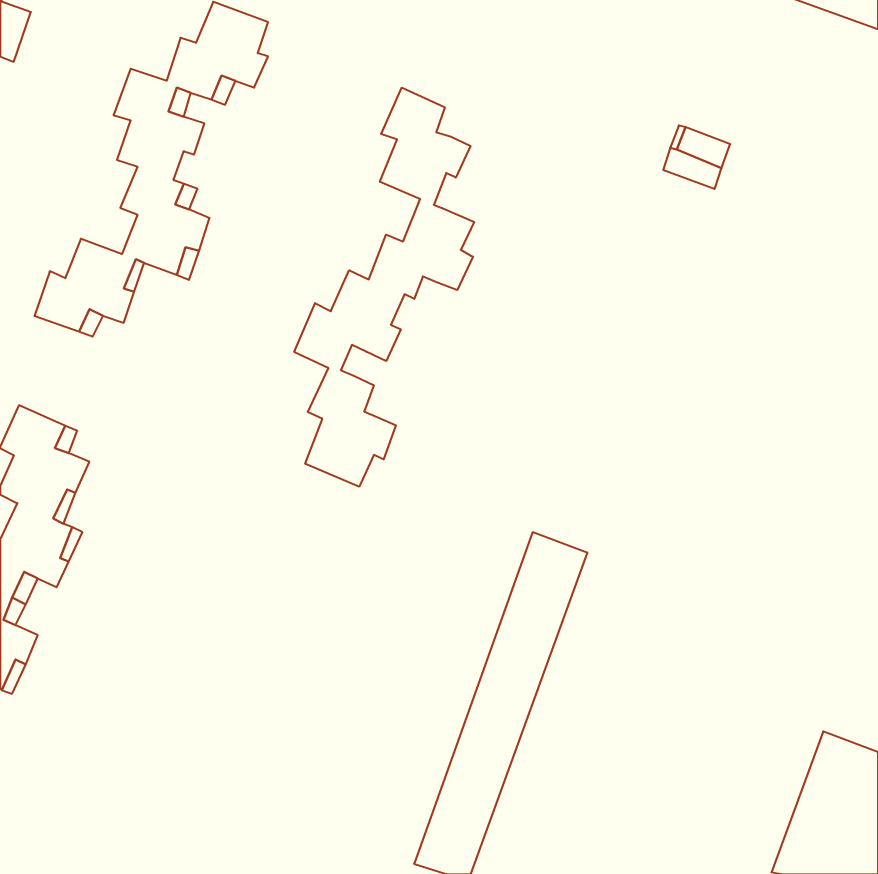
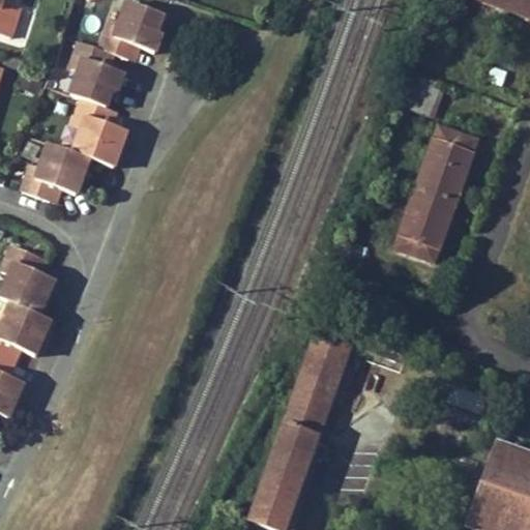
building: [294,88,474,487] -> none
building: none -> [394,126,477,263]

